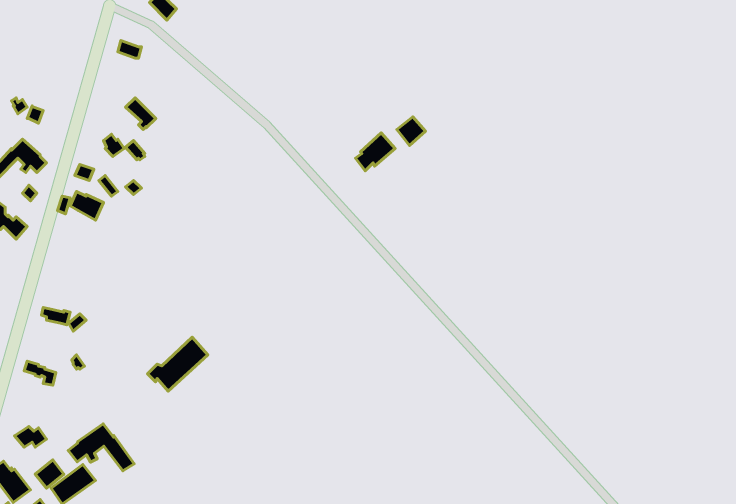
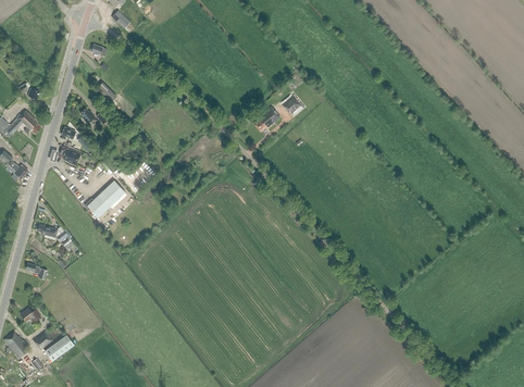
building: [148,337,208,391] -> [84,179,125,216]
building: [68,424,134,471] -> none

